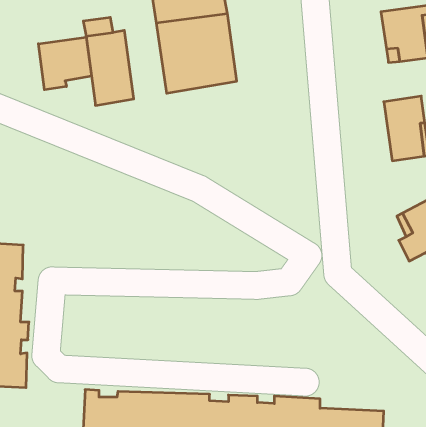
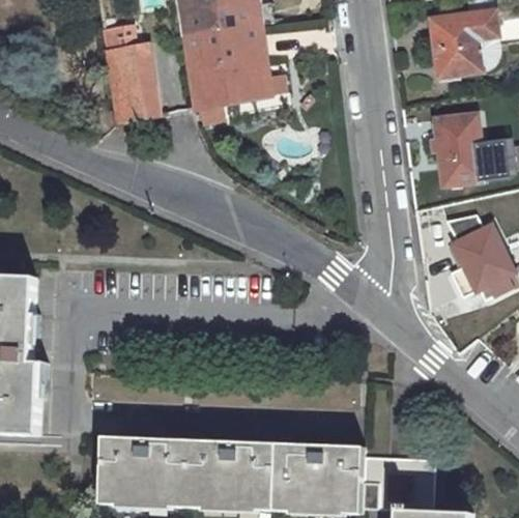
building: [38,37,91,90] -> none

